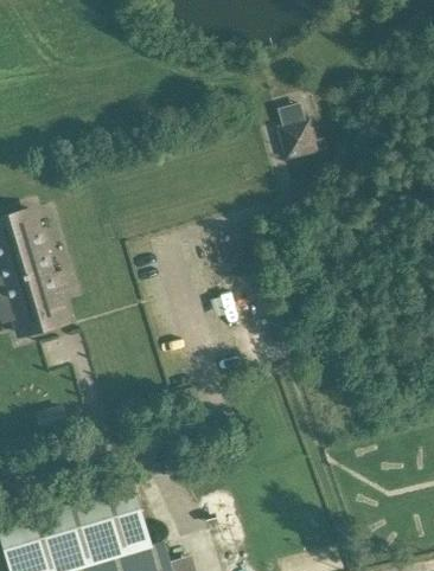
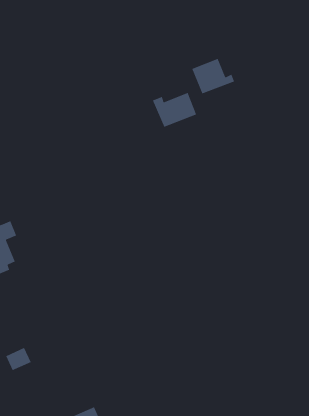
building: none -> [152,92,197,128]

